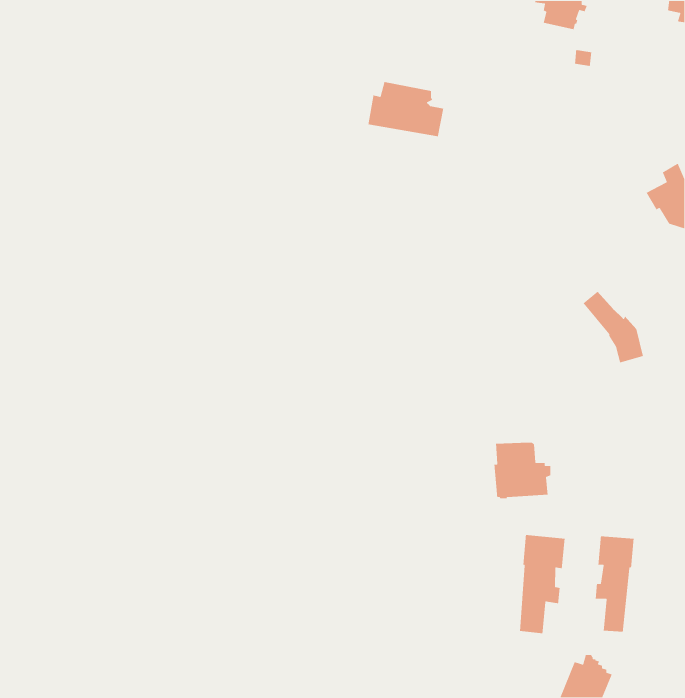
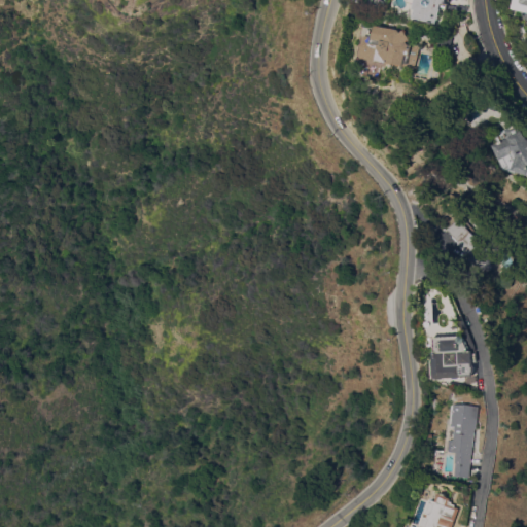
building: [368,81,444,137] -> [357,25,415,67]
building: [494,442,551,499] -> [430,336,473,379]
building: [519,534,565,634] -> none

